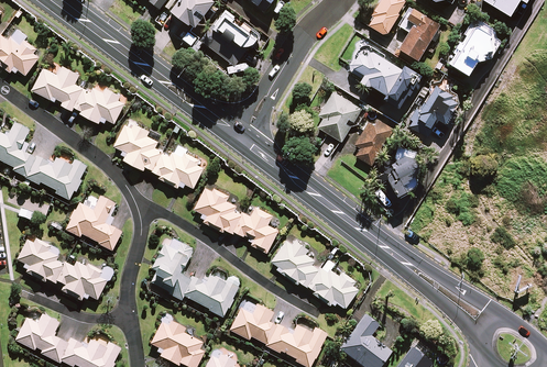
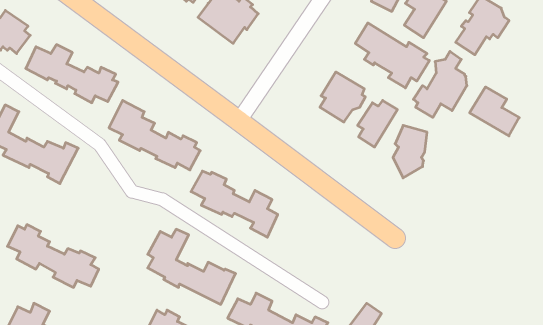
building: none -> [470,87,519,136]
building: [66,197,120,251] -> none
building: [272,241,357,305] -> none

